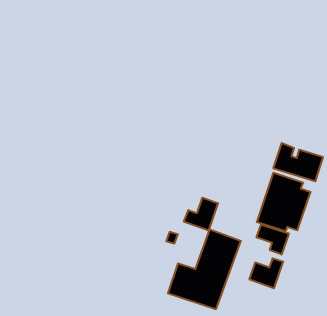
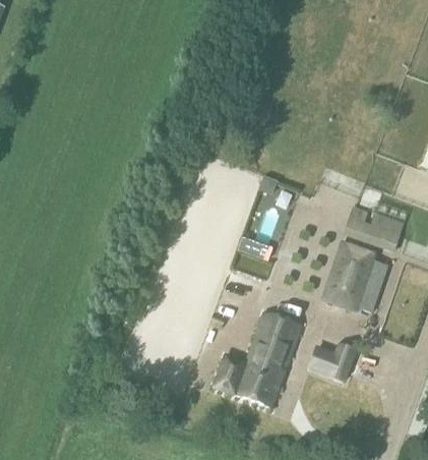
building: [184,198,218,231] -> none
building: [257,224,289,255] -> none

